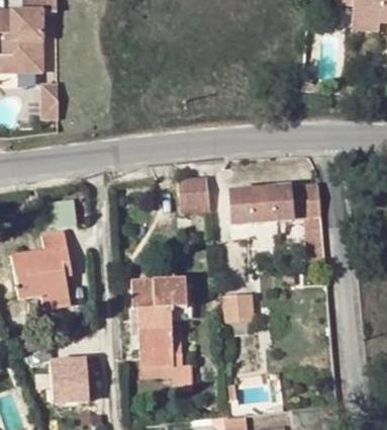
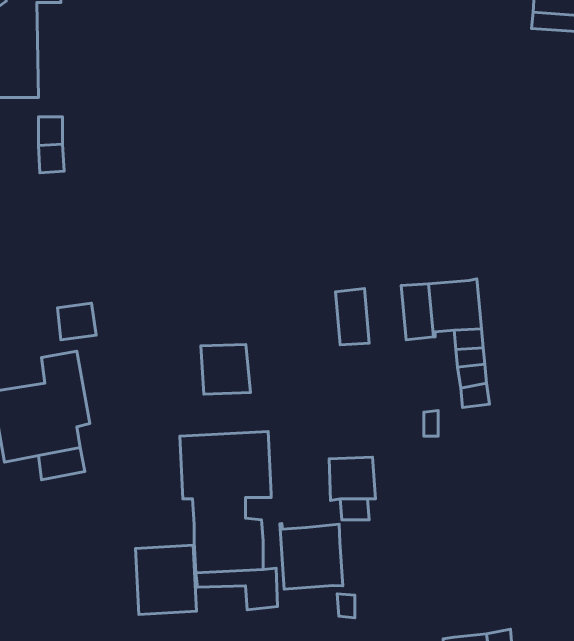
building: [179,178,210,209] -> [201,344,251,394]
building: [247,187,273,224] -> none
building: none -> [280,523,343,589]
building: [47,359,86,403] -> [135,545,197,614]

